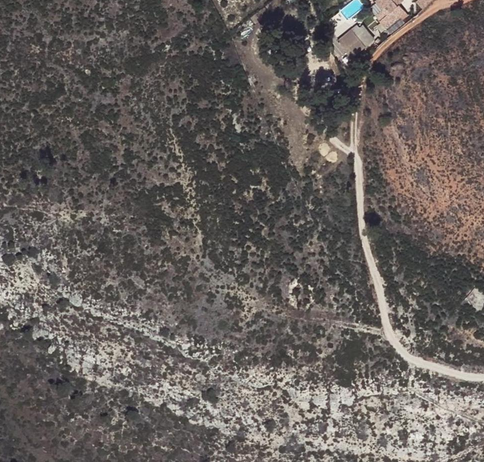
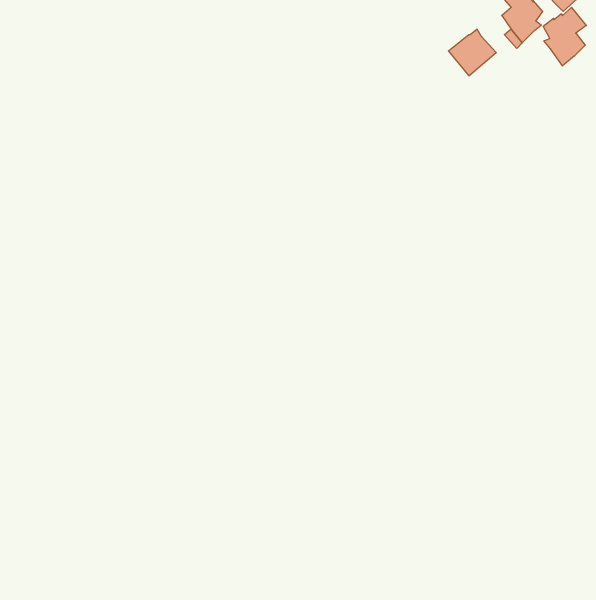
building: none -> [543,7,586,66]

